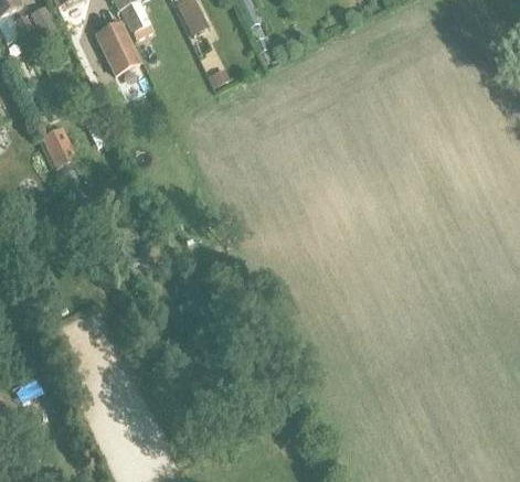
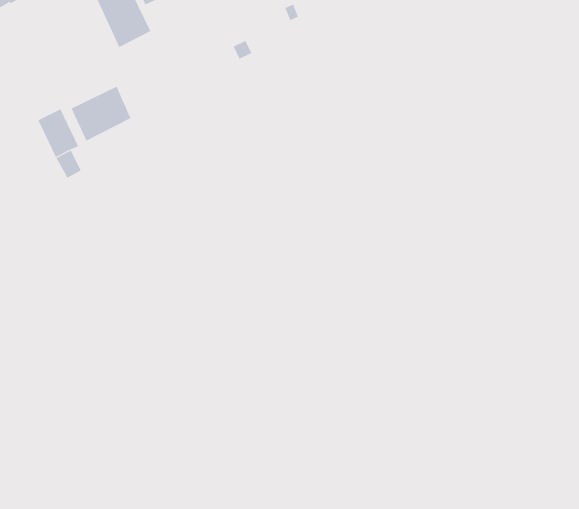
building: none -> [71,86,131,142]

